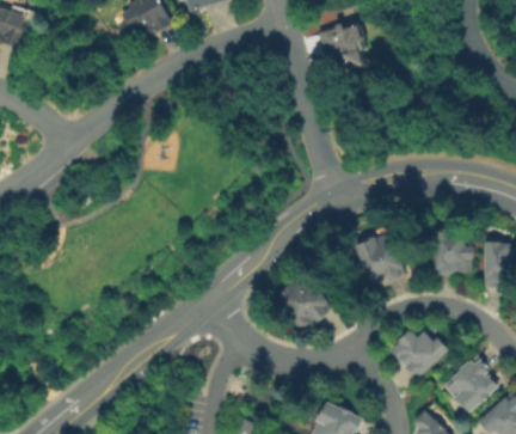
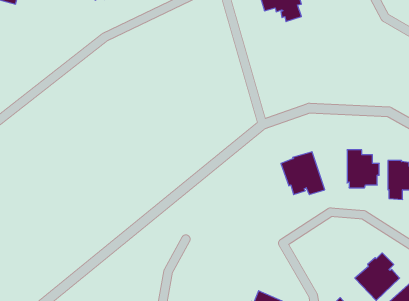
building: [275,275,332,330] -> none
building: [389,329,448,377] -> none

